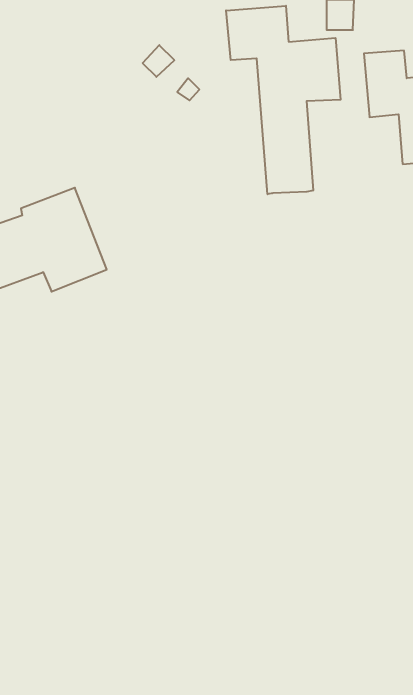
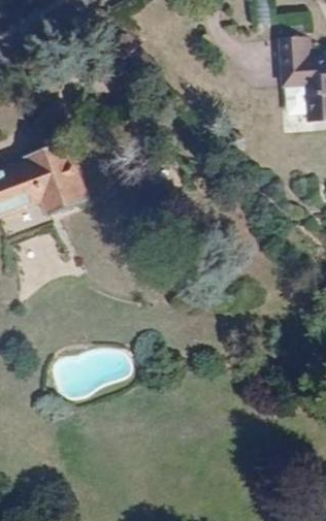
building: [226,6,341,194] -> none

